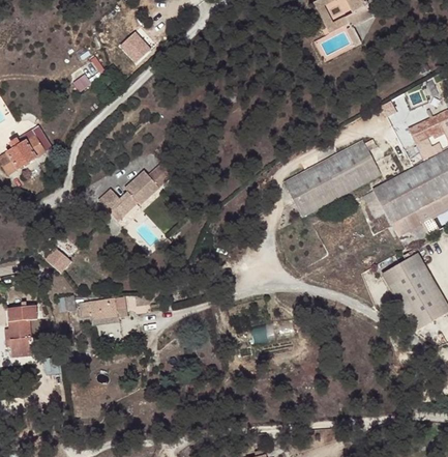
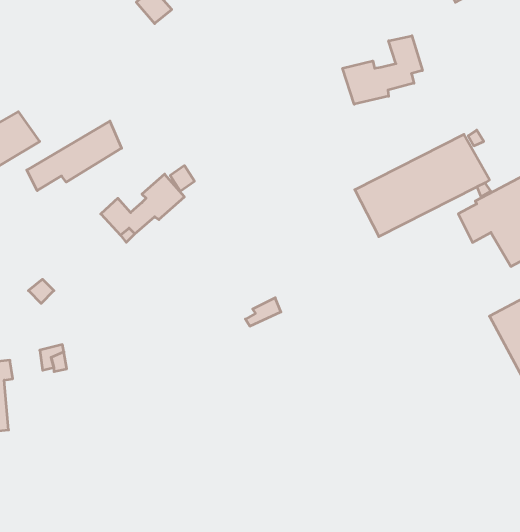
building: none -> [343,36,422,104]
building: none -> [27,121,122,191]
building: [79,297,124,320] -> none

